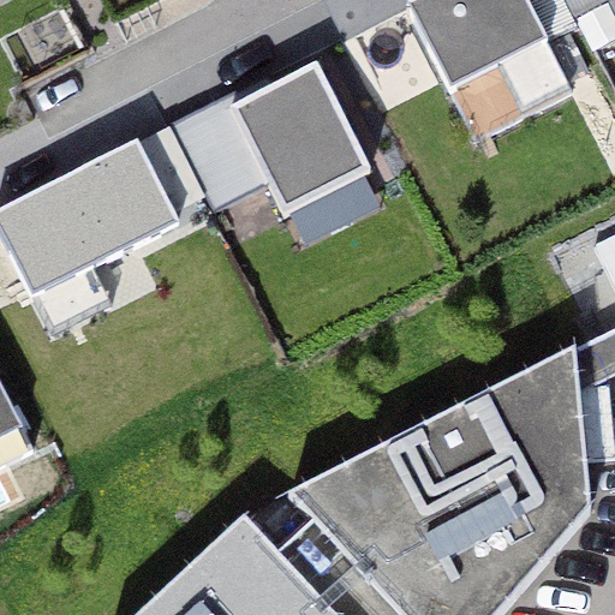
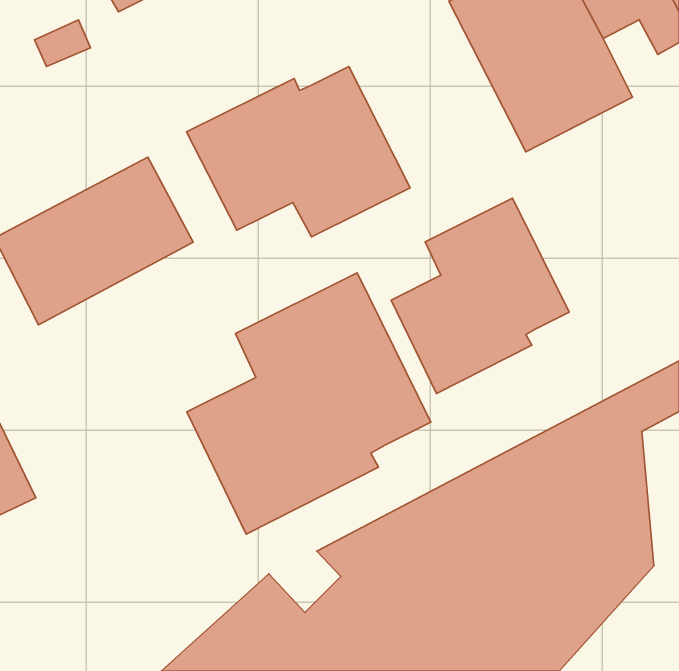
building: none -> [391,198,569,393]
building: none -> [187,273,431,534]

